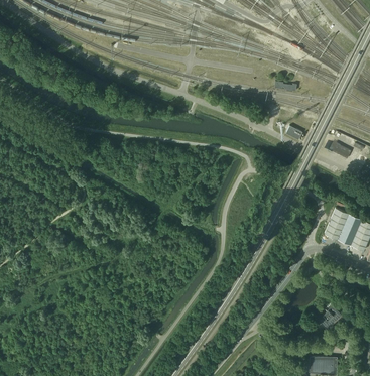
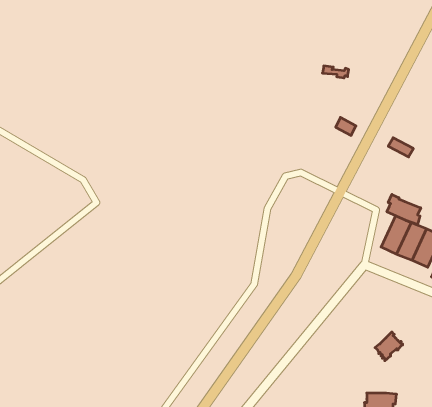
building: none -> [387,194,421,225]

